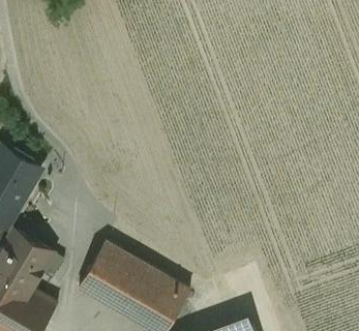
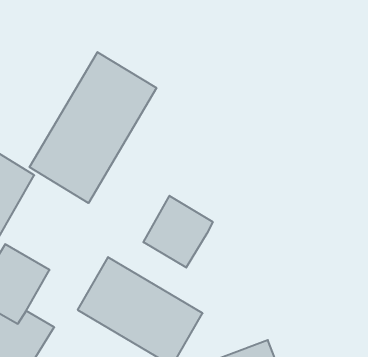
building: none -> [30,52,156,203]
building: none -> [143,196,213,268]

